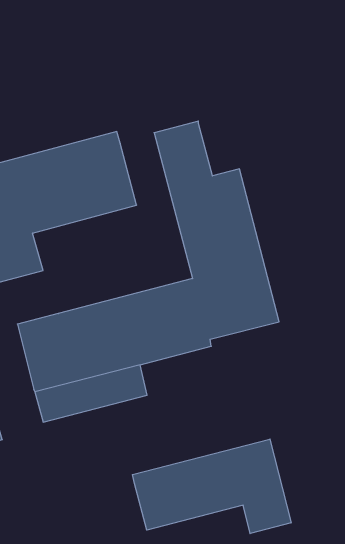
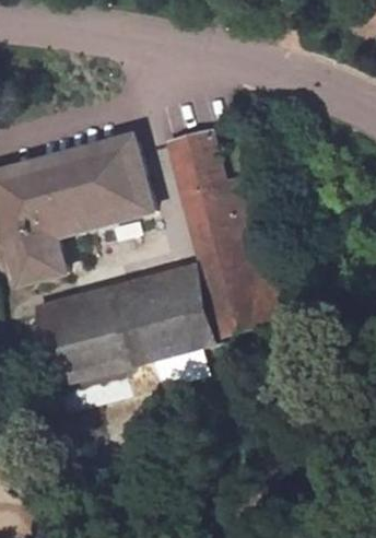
building: [132,439,291,534] -> none

